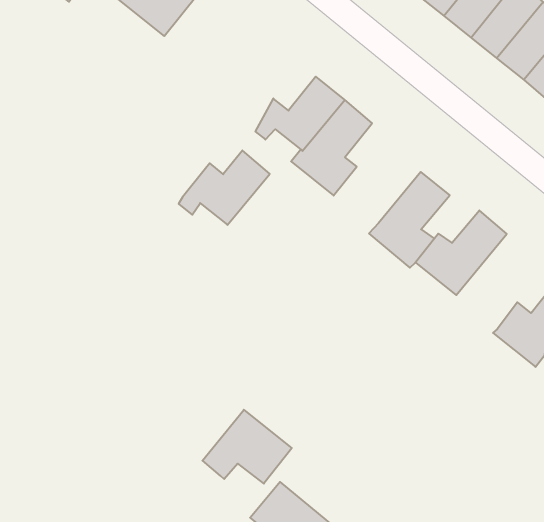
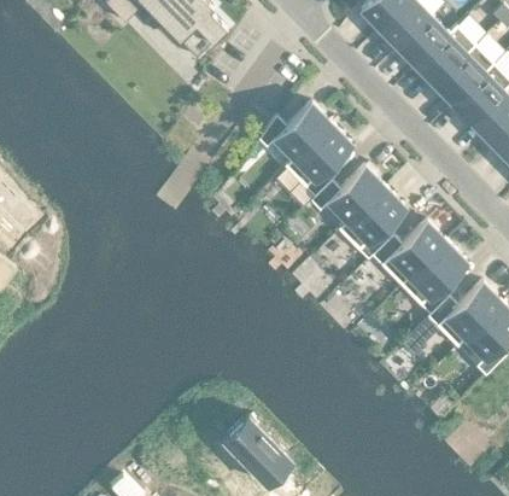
building: [179,150,270,225] -> [310,165,384,222]
building: none -> [400,241,466,315]
building: [202,410,292,484] -> none

